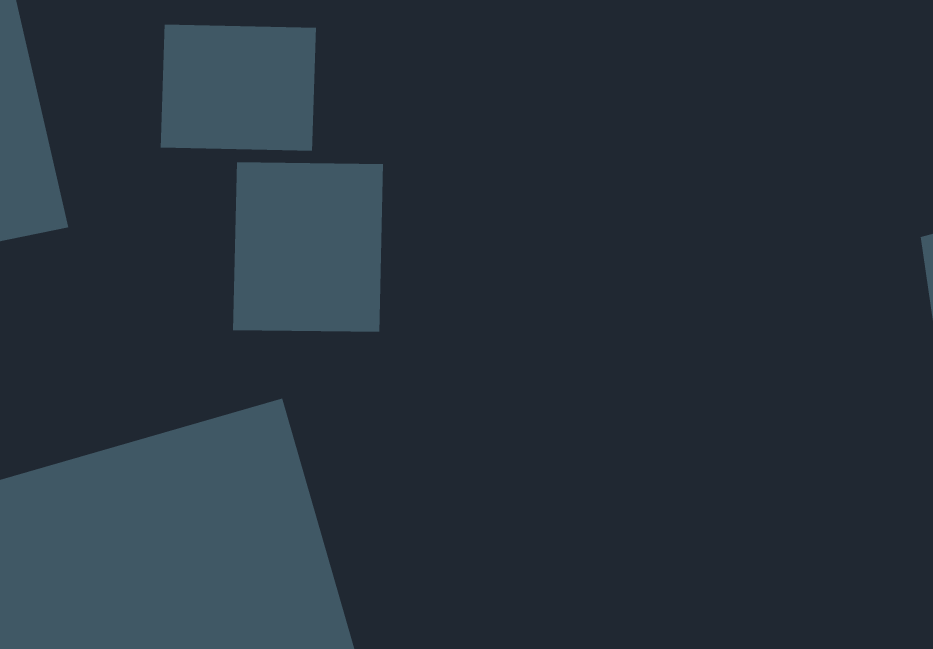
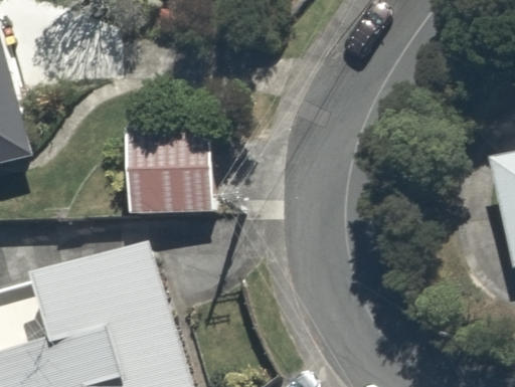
building: [160,24,317,152] -> none

